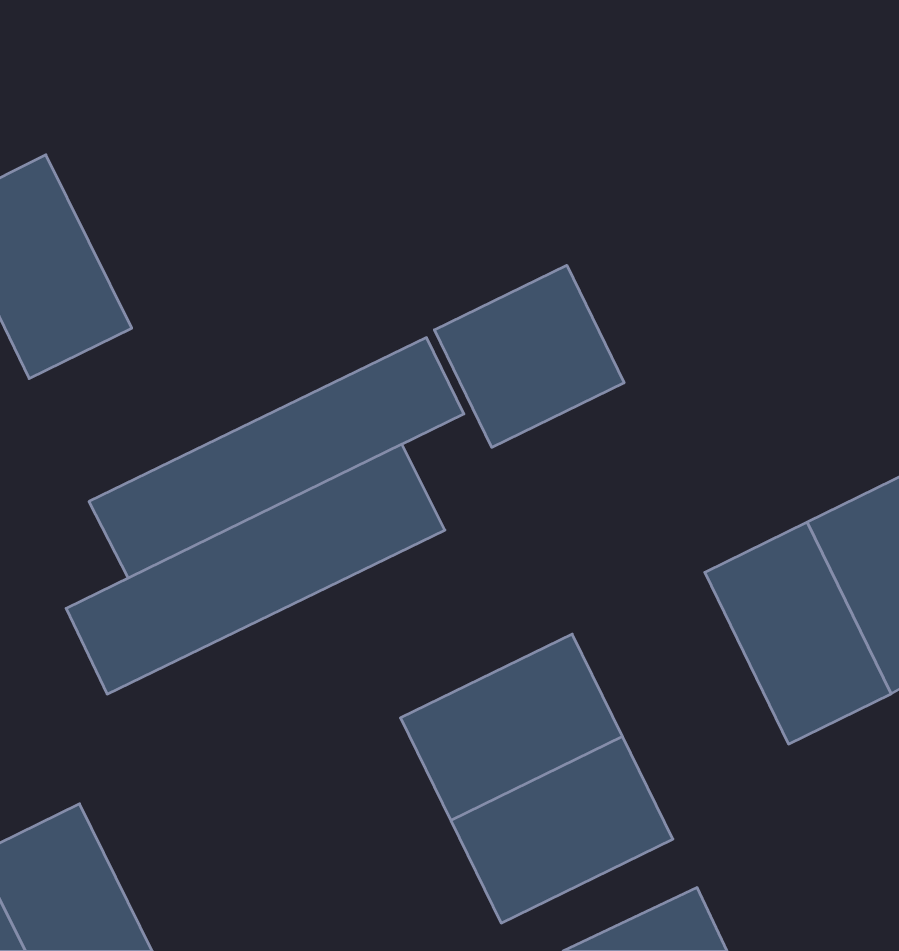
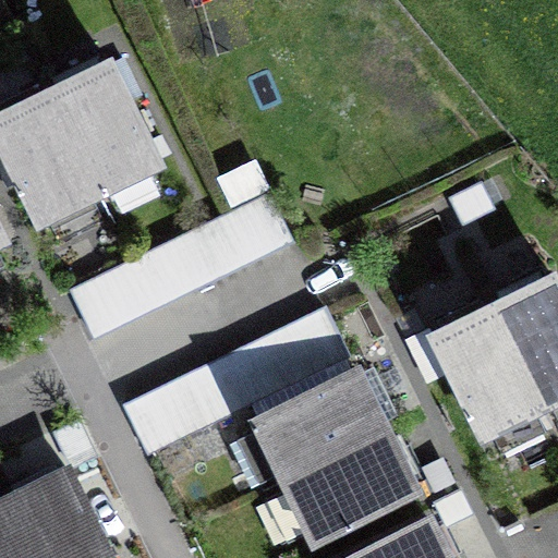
building: none -> [47,61,157,192]
building: [434,265,624,447] -> none
building: [66,444,445,694] -> [131,315,352,461]

